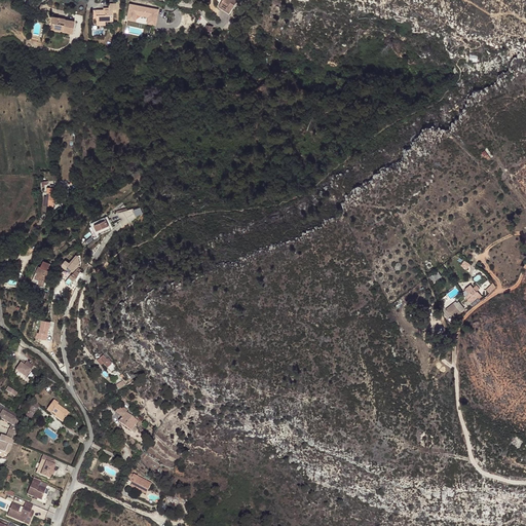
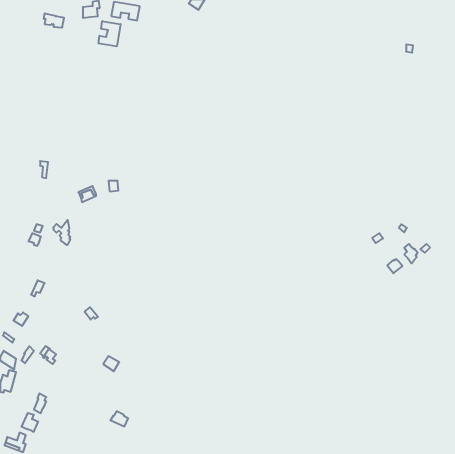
building: none -> [98,21,121,46]

